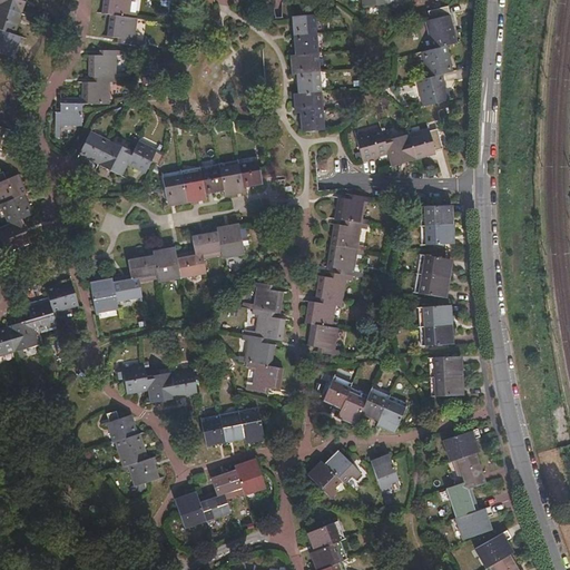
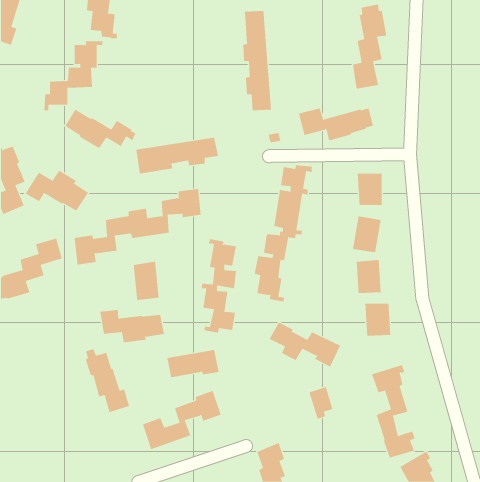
building: none -> [25,170,89,212]
building: none -> [133,261,159,301]
building: [306,450,361,500] -> none

